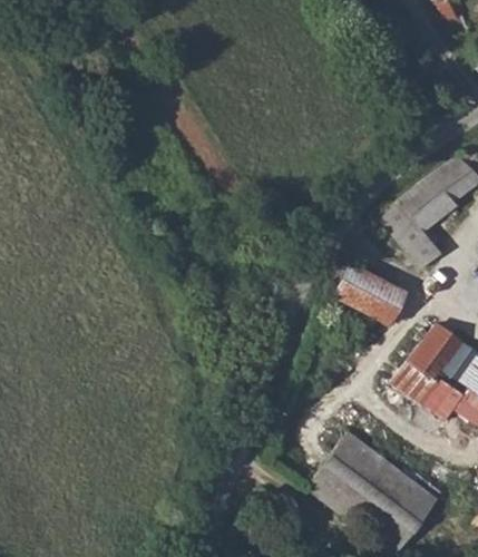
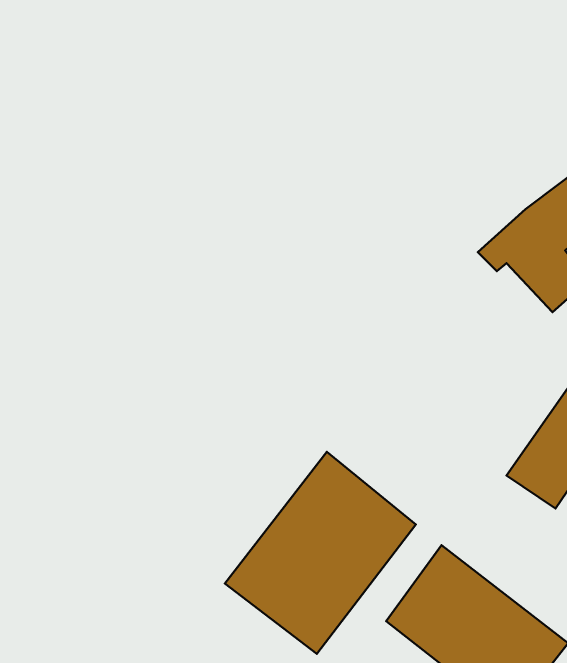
building: [333,261,410,324] -> none
building: none -> [225,452,416,654]

